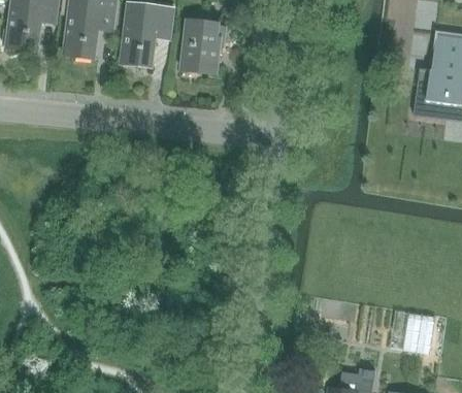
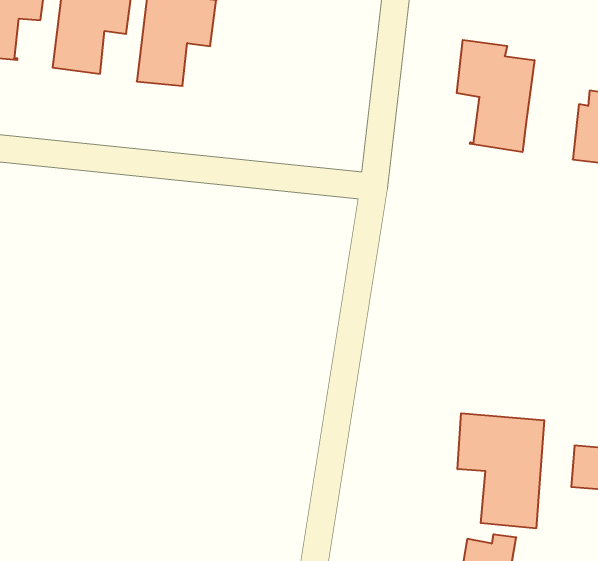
building: [180,19,226,72] -> none
building: none -> [457,40,534,152]
building: none -> [458,413,544,528]

